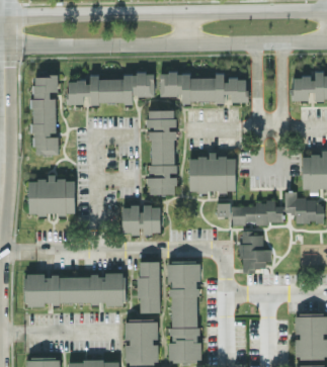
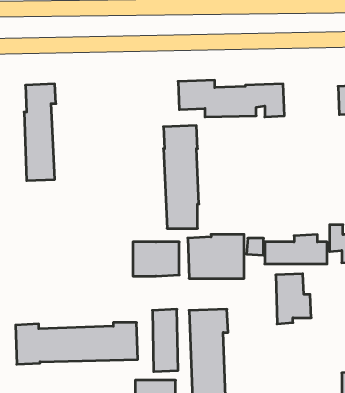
building: [67,73,154,103] -> none
building: [188,155,235,191] -> [188,234,244,278]
building: [27,178,74,214] -> none

